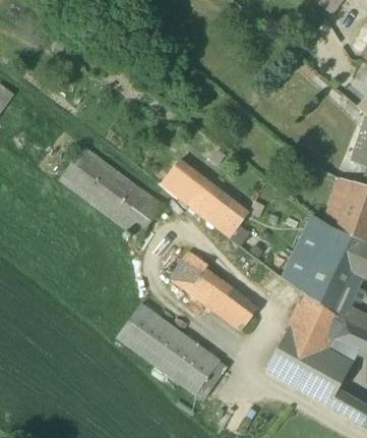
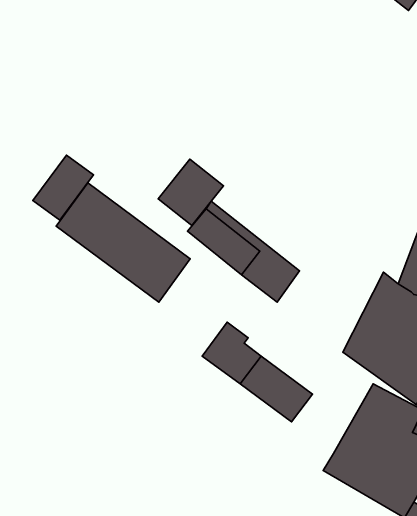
building: none -> [33,155,94,220]
building: none -> [158,159,224,225]
building: [117,304,227,398] -> none

